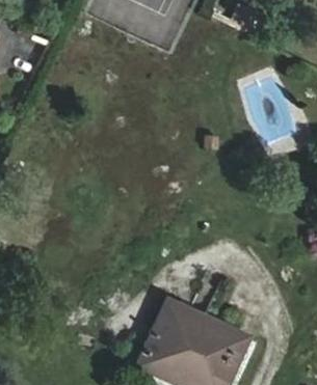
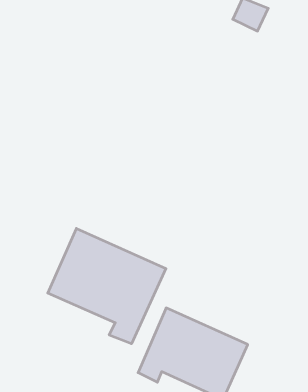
building: none -> [48,228,166,344]

